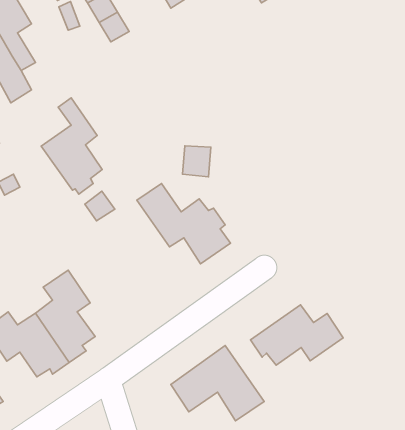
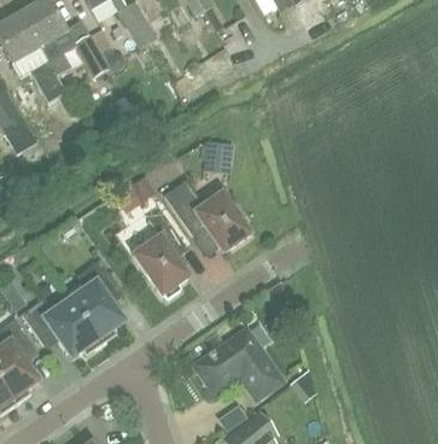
building: none -> [74,34,109,76]
building: [41,98,102,194] -> [133,209,189,298]
building: [250,305,343,365] -> none

